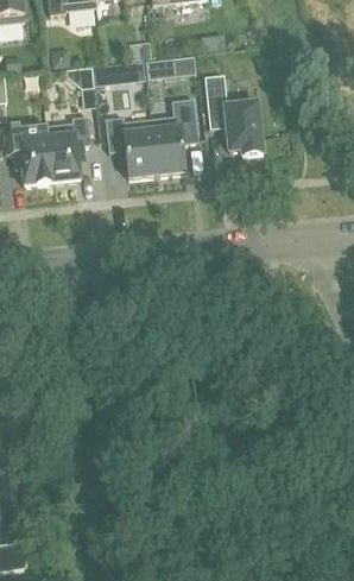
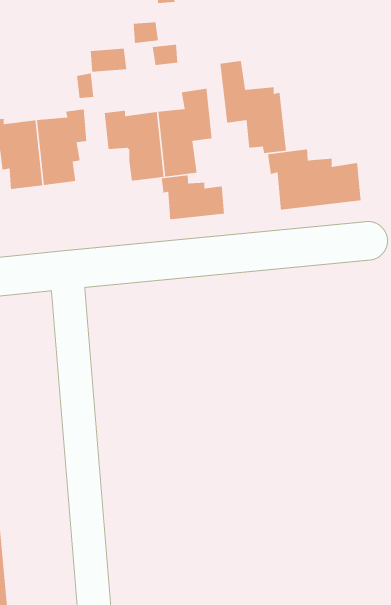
building: none -> [267,148,362,210]
building: none -> [161,174,225,220]

